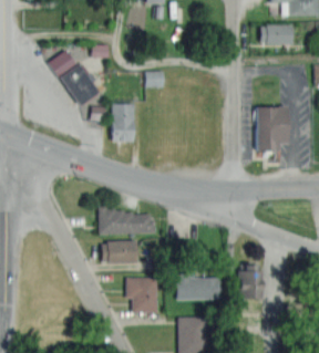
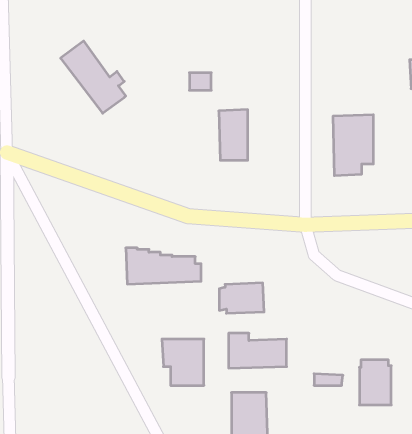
building: [260,24,292,43] -> none
building: [111,102,133,141] -> [219,110,248,160]
building: [102,240,136,263] -> [219,283,264,313]
building: [238,264,263,299] -> [359,360,391,405]

